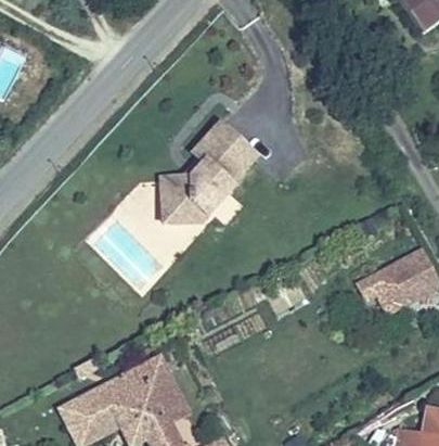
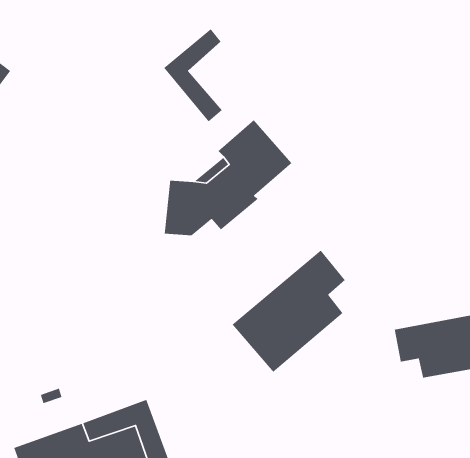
building: none -> [163,28,223,122]
building: none -> [231,250,346,373]

